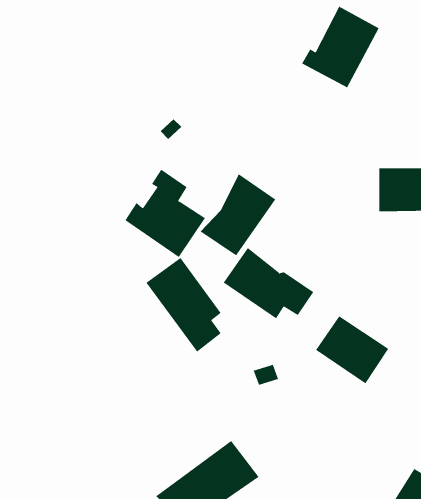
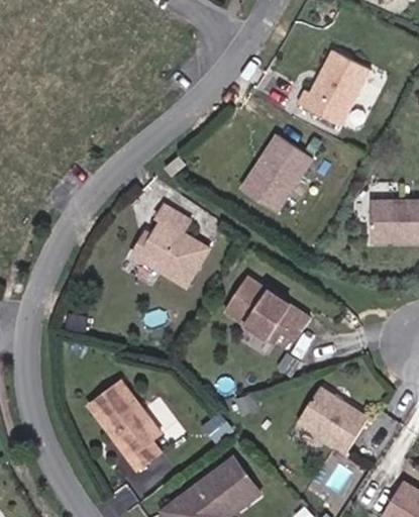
building: [200,174,276,256] -> [240,134,312,212]
building: [146,257,222,353] -> [87,380,159,470]
building: [315,315,389,384] -> [298,388,368,452]

